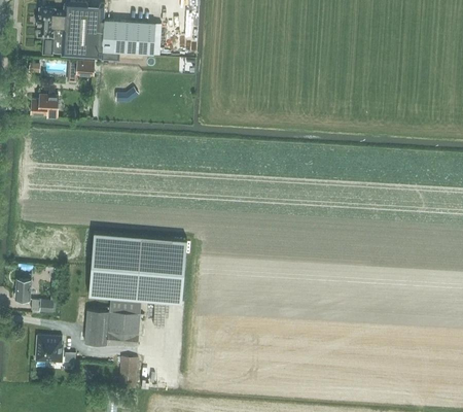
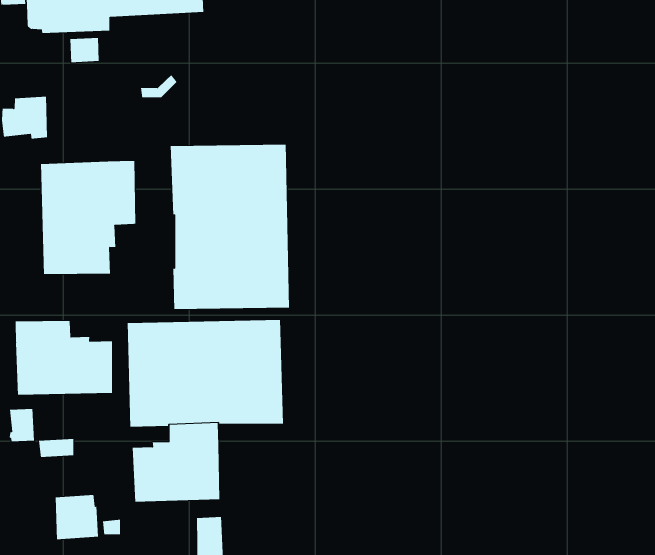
building: none -> [170,144,290,310]
building: none -> [40,160,136,275]
building: none -> [15,320,112,396]

